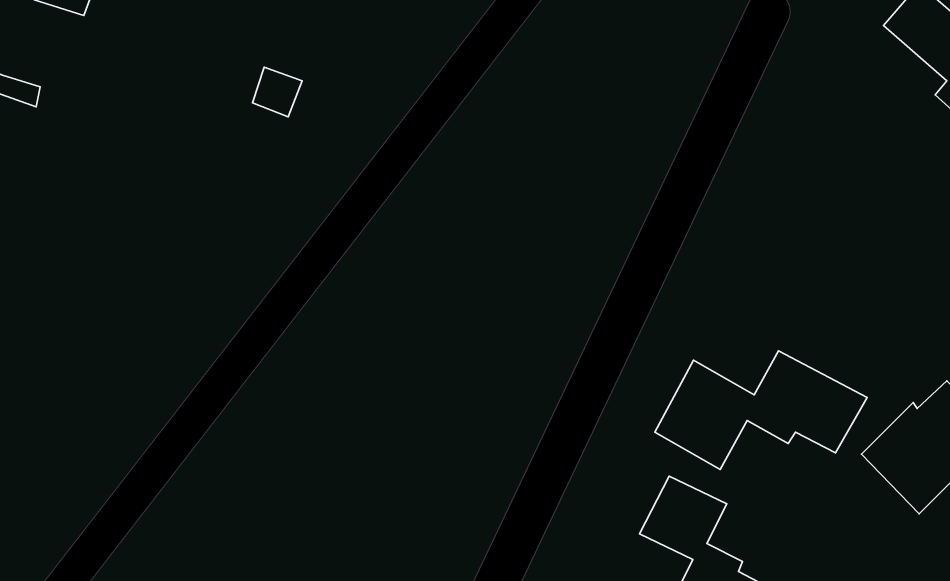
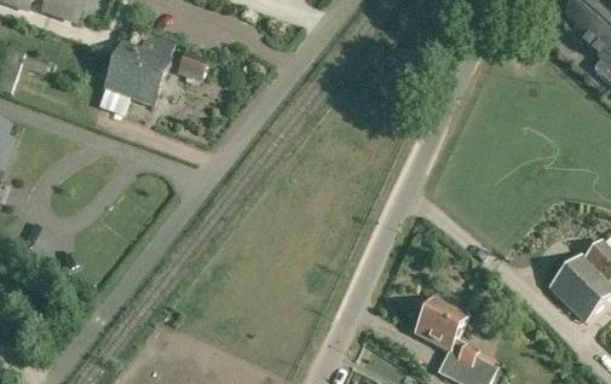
building: none -> [99,29,169,111]
building: [655,351,867,470] -> none

